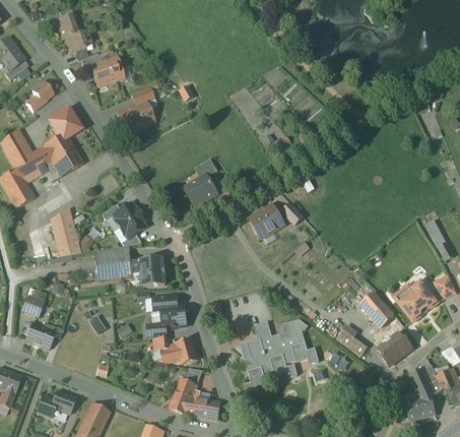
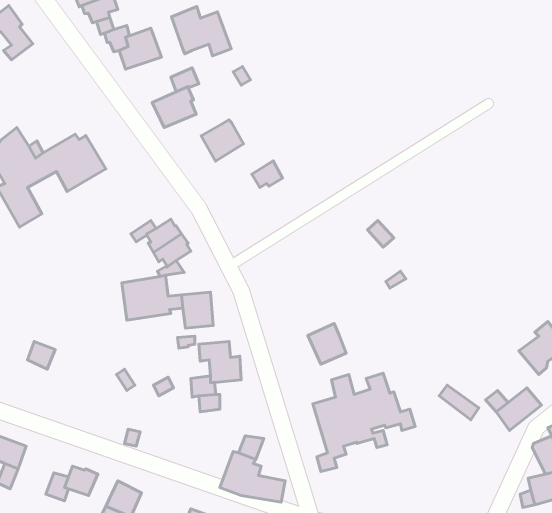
building: none -> [172,7,231,56]
building: [26,80,54,112] -> none
building: [49,109,81,141] -> none
building: [184,175,216,206] -> [201,120,244,161]
building: [249,204,284,239] -> none
building: [52,210,79,256] -> none
building: none -> [308,324,346,364]
building: [360,292,395,327] -> none
building: [25,323,56,350] -> none
building: [161,338,198,364] -> none

